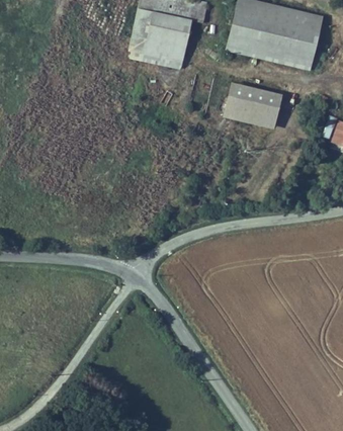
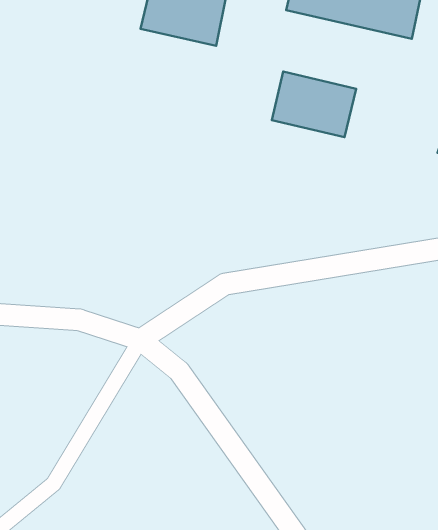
building: [228,38,320,73] -> none

